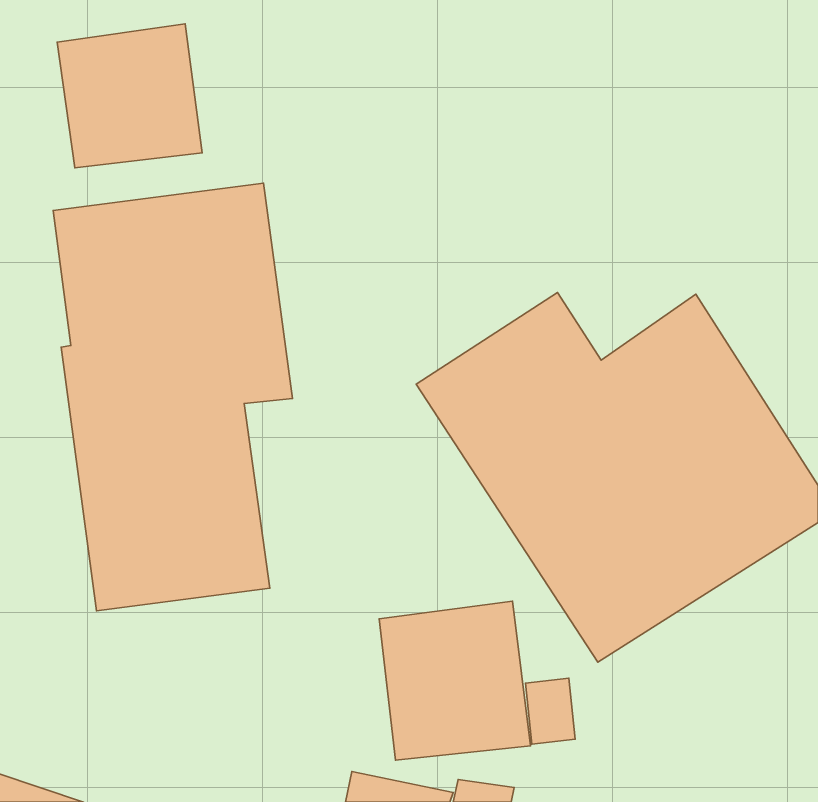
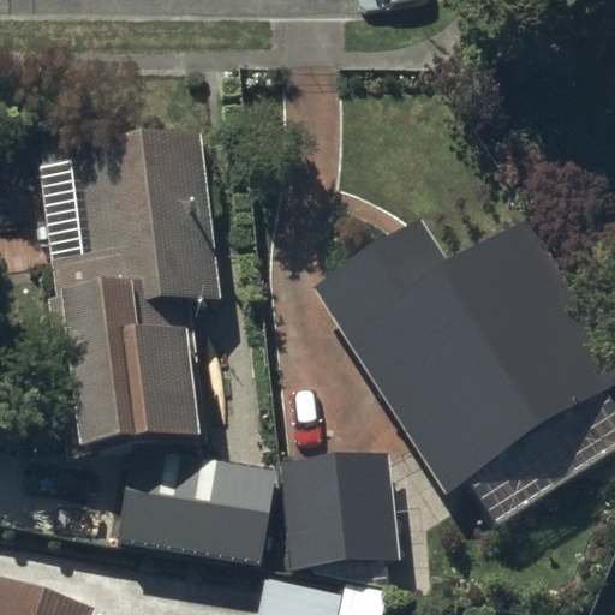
building: [57,24,202,168] -> none
building: none -> [119,453,276,563]

